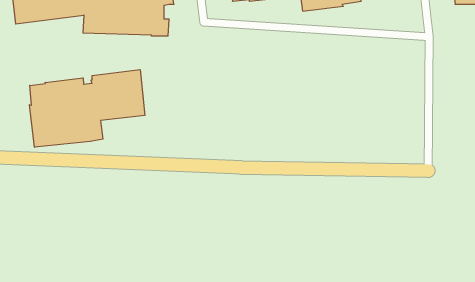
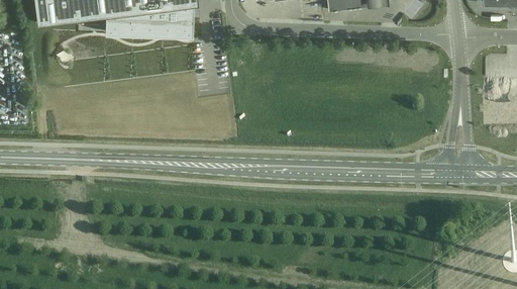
building: [29,70,145,147] -> none

